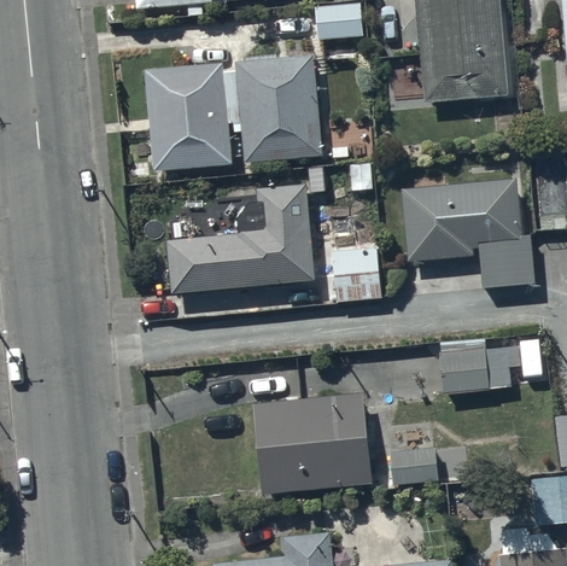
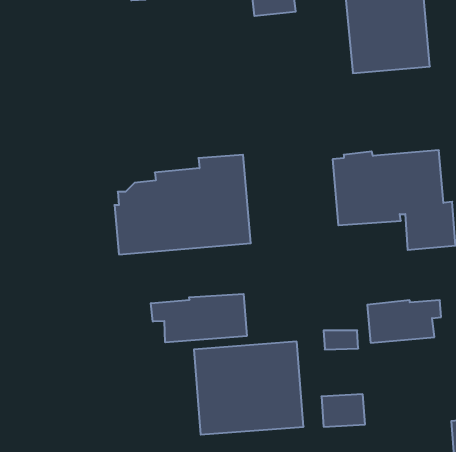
building: [145,58,321,181] -> none
building: [331,244,380,298] -> none
building: none -> [151,294,247,342]

